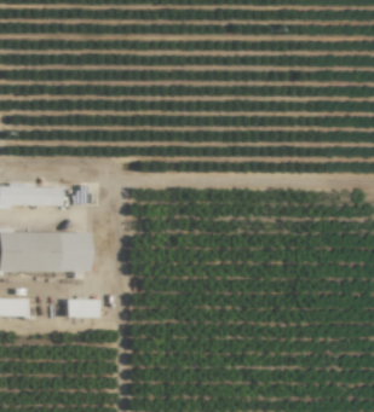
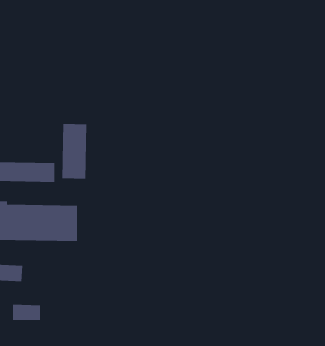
building: none -> [62,123,87,179]
building: [68,298,99,317] -> [12,304,41,320]

